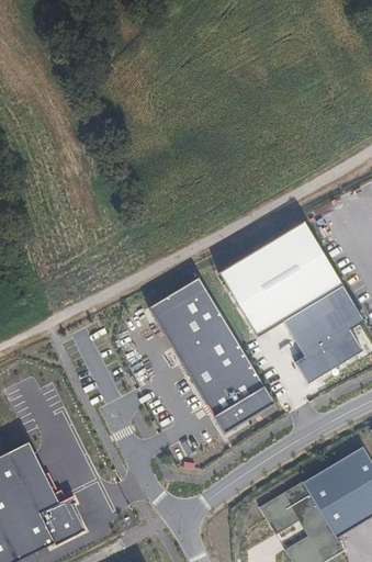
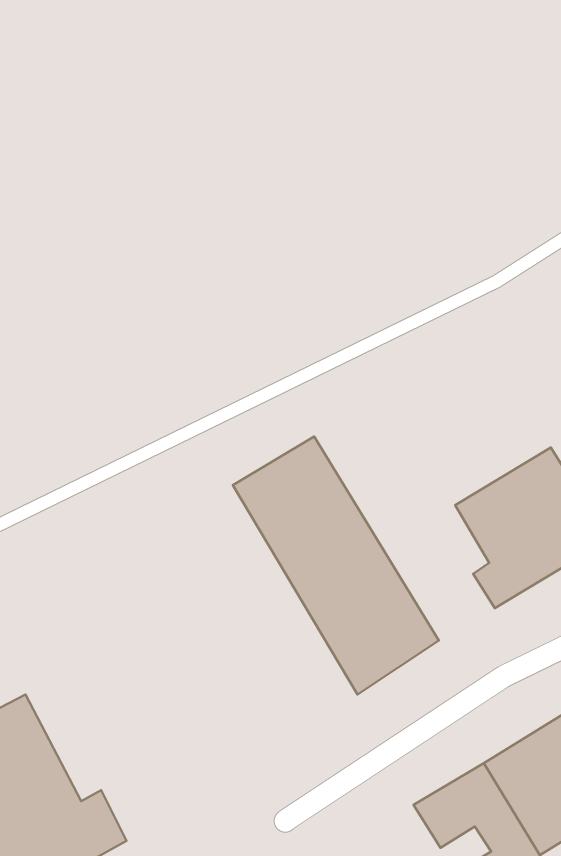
building: [221,226,343,339] -> none

